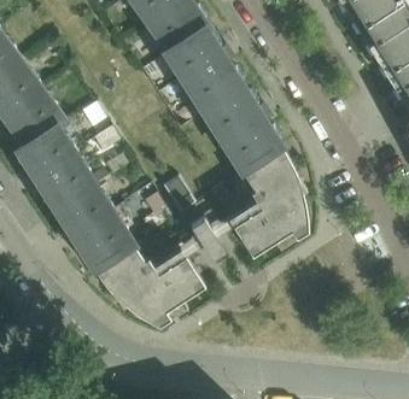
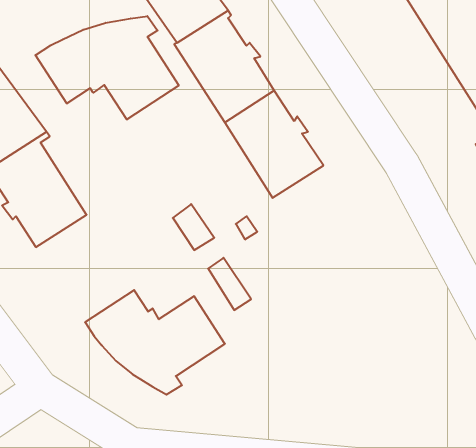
building: none -> [35,16,179,120]
building: [228,146,308,256] -> none
building: [55,184,133,269] -> none

